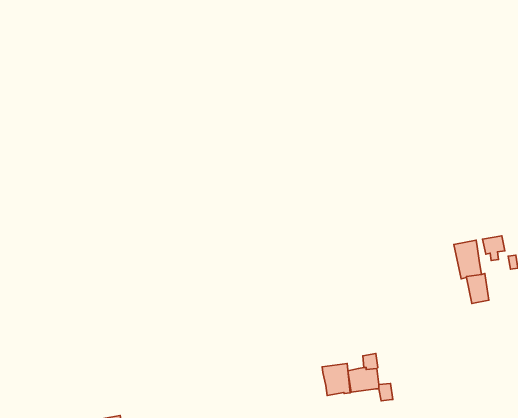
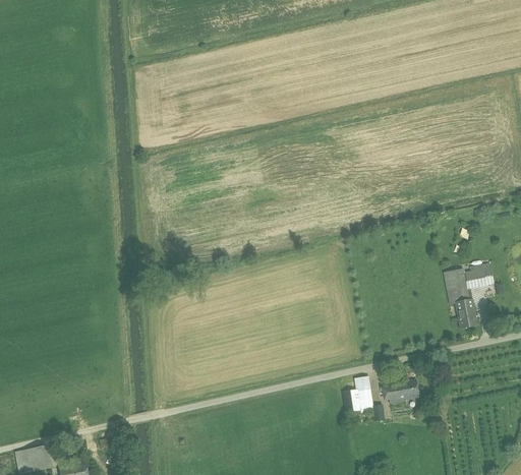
building: none -> [384,379,418,403]
building: [322,364,350,395] -> none

